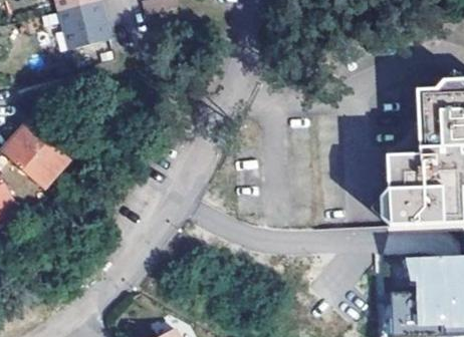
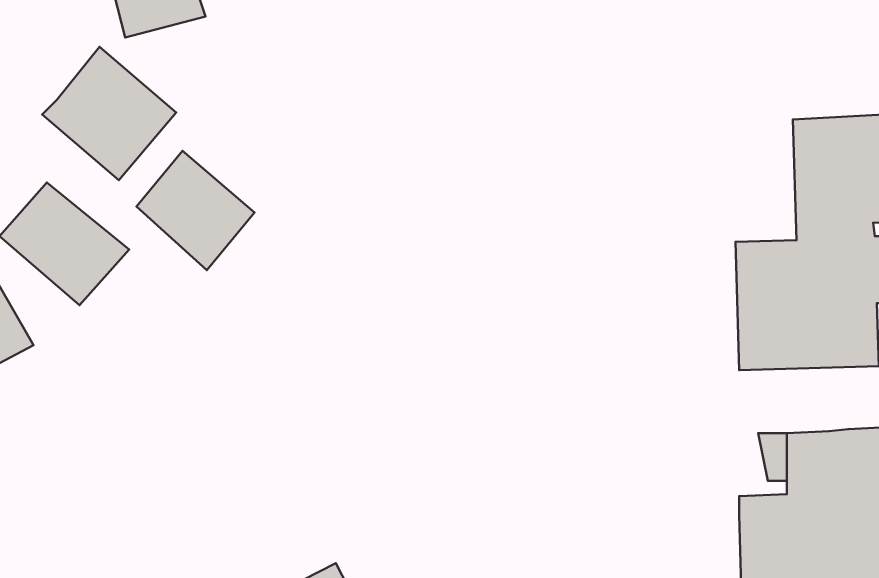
building: none -> [42,47,176,180]
building: none -> [136,151,254,270]

